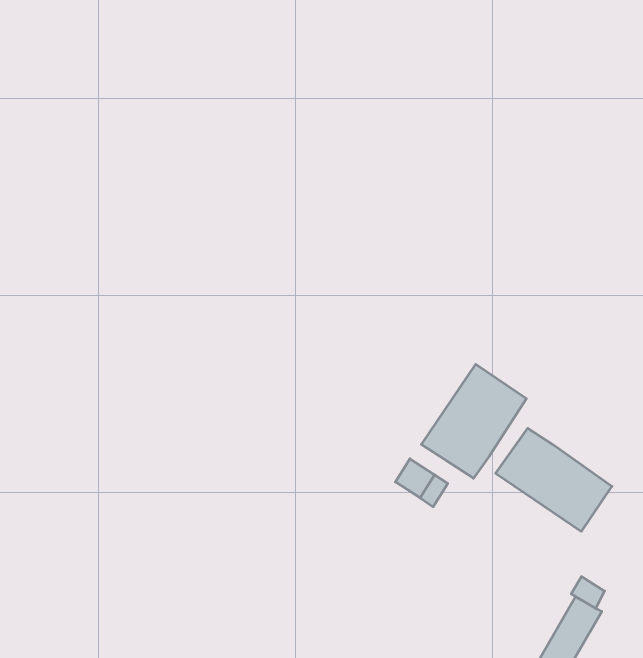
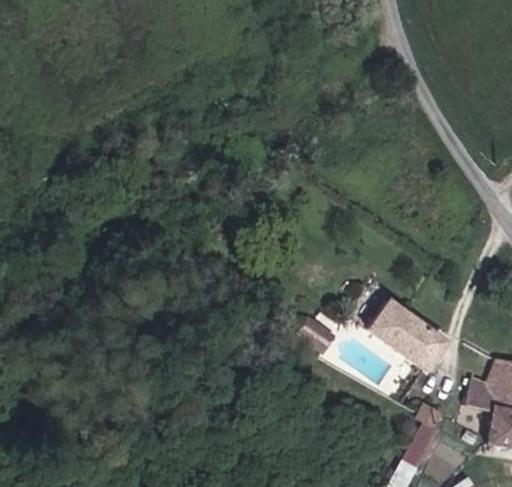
building: [421,364,526,478] -> none

